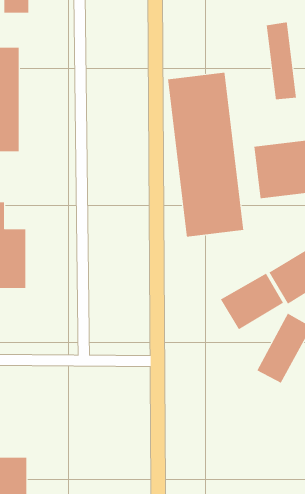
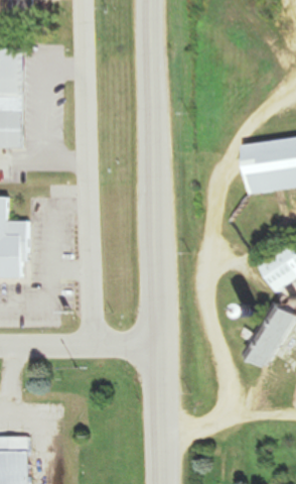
building: [266,21,297,100] -> none
building: [167,72,244,237] -> none
building: [220,273,284,330] -> none

